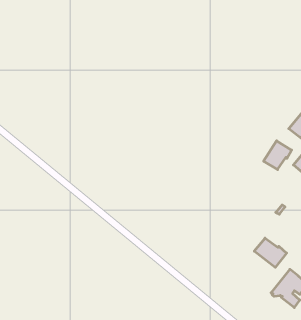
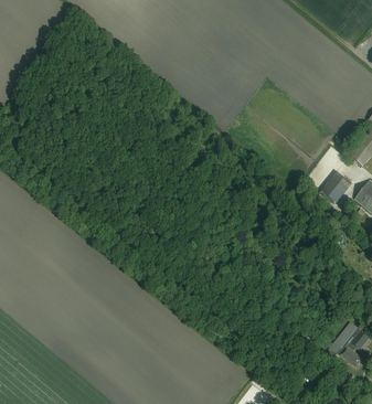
building: [254,238,287,267] -> none

